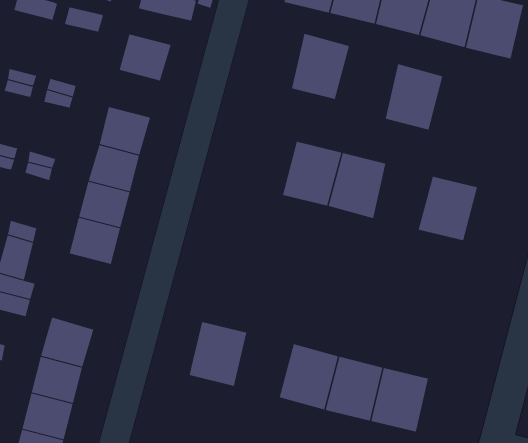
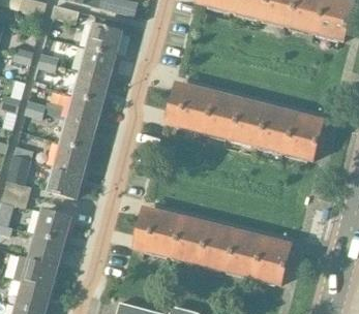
building: [291,33,350,100] -> [164,85,203,128]
building: [385,64,443,130] -> [253,107,292,151]
building: none -> [80,46,114,77]
building: none -> [48,166,82,197]
building: none -> [162,218,201,260]

